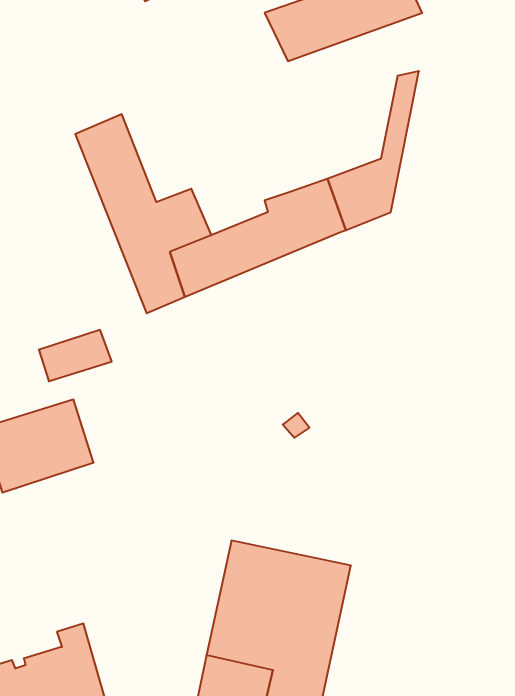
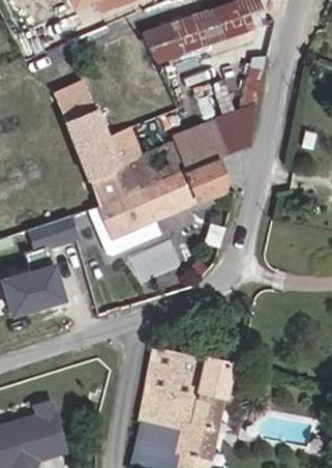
building: none -> [143,20,187,61]
building: none -> [90,156,229,257]

